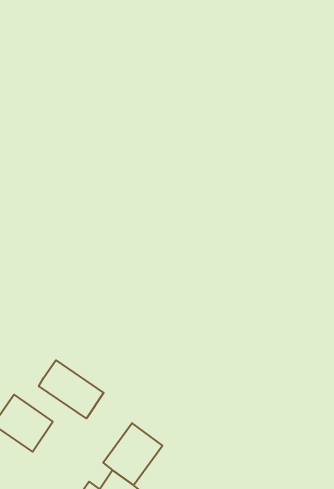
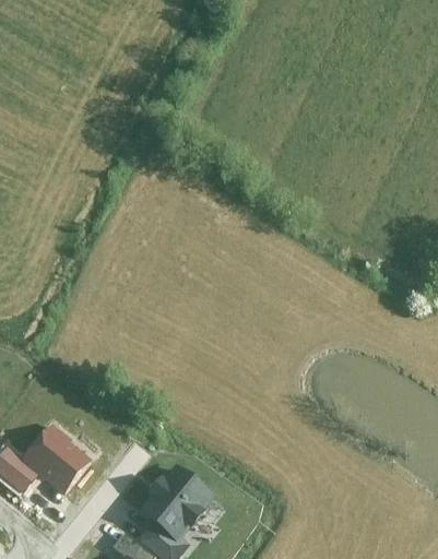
building: [39,360,104,418] -> none

